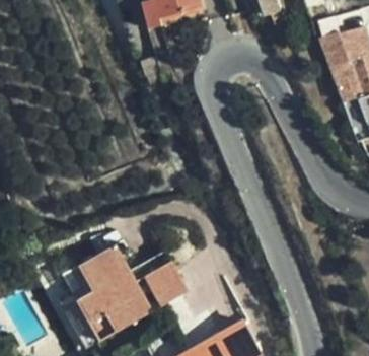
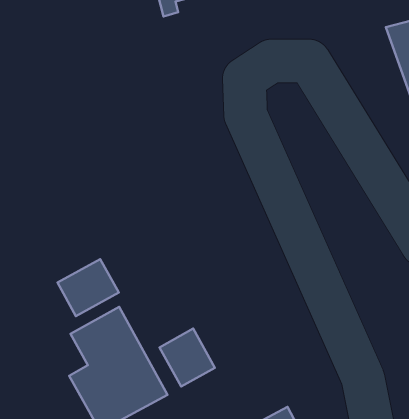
building: none -> [57,259,119,316]

